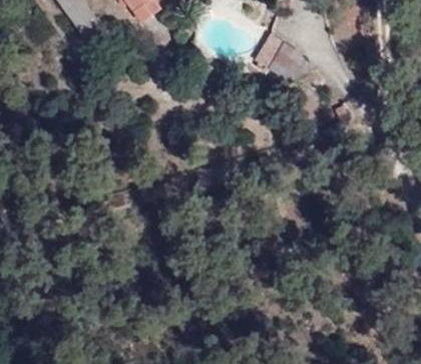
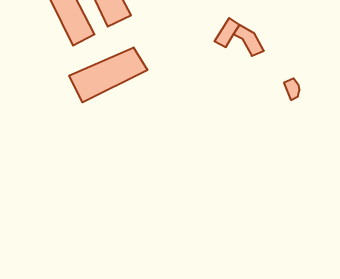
building: none -> [69,47,147,102]

